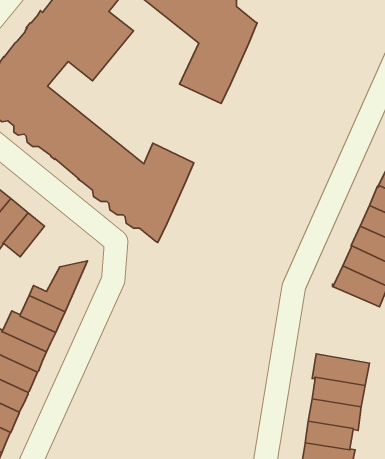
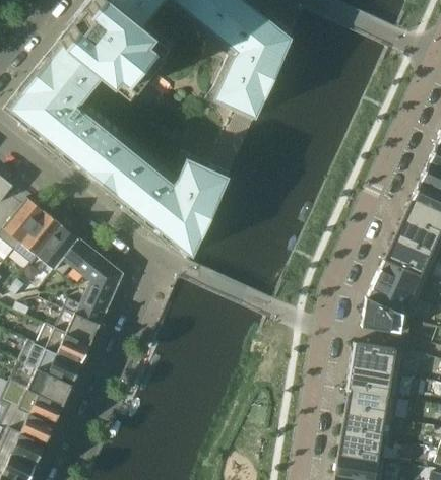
building: none -> [55,239,122,280]
building: none -> [362,299,413,336]
building: none -> [350,343,406,375]

